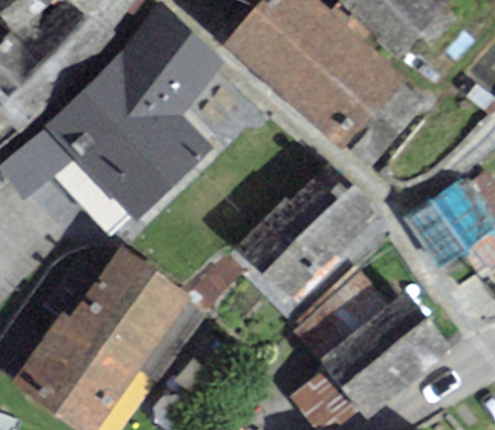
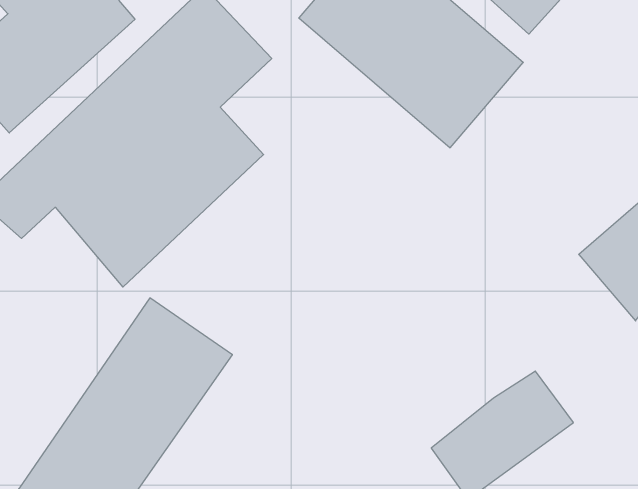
building: [249,163,369,285] -> none
building: [282,280,381,375] -> none

